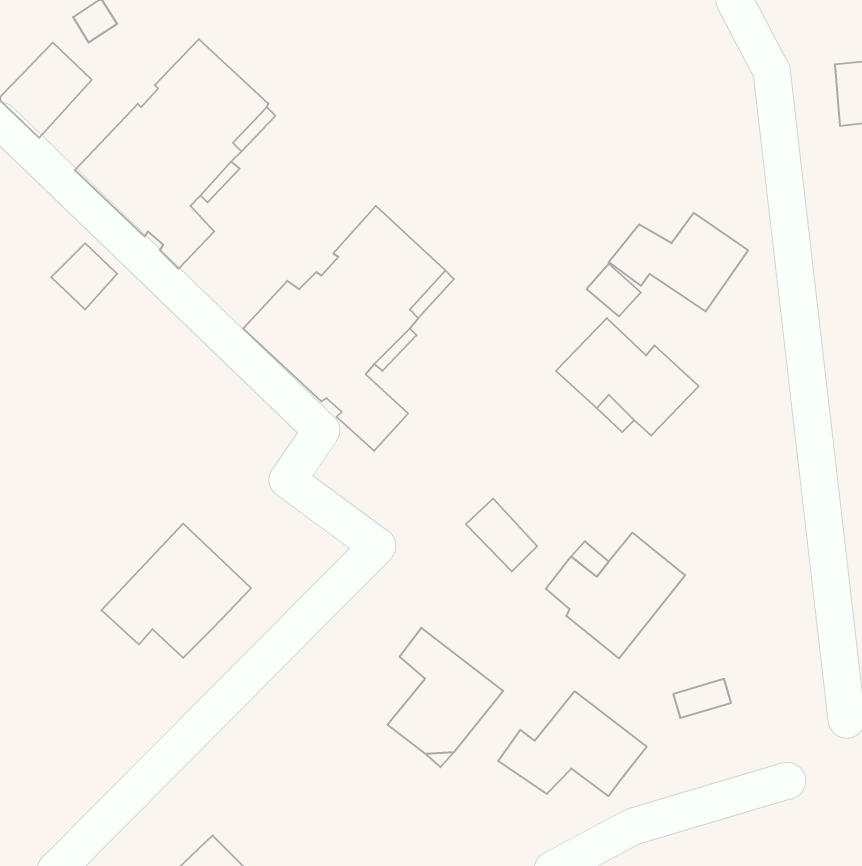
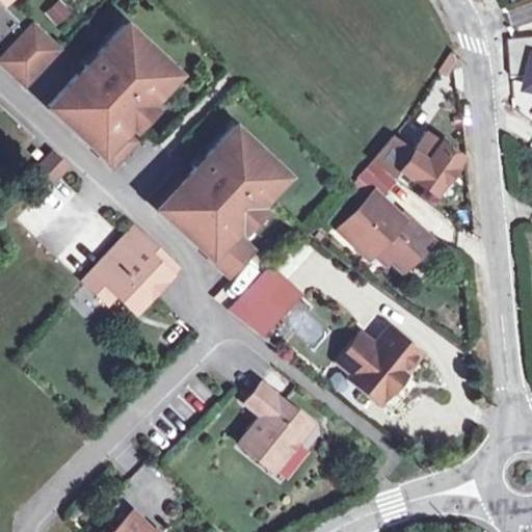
building: none -> [231,268,301,336]
building: [101,524,251,658] -> [86,230,178,312]
building: [498,691,647,796] -> none

